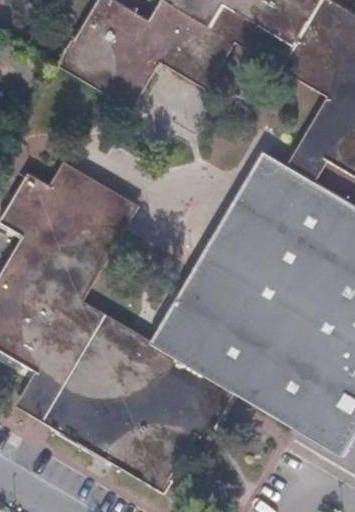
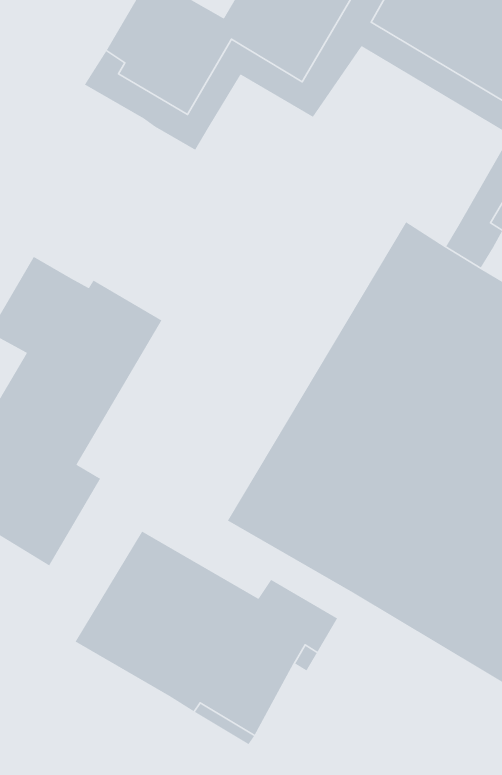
building: [20,166,230,419] -> none

